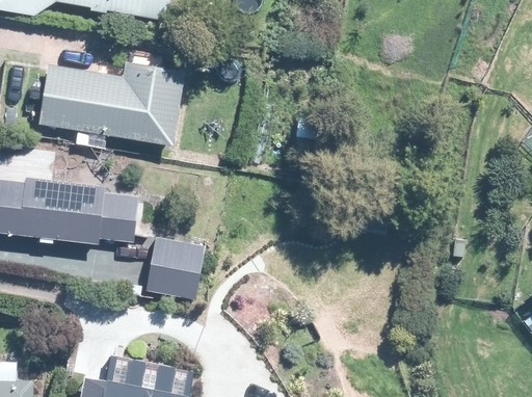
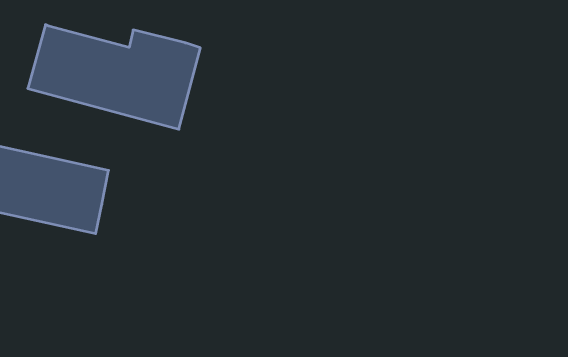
building: [109,192,145,241] -> none
building: [147,237,206,300] -> none

